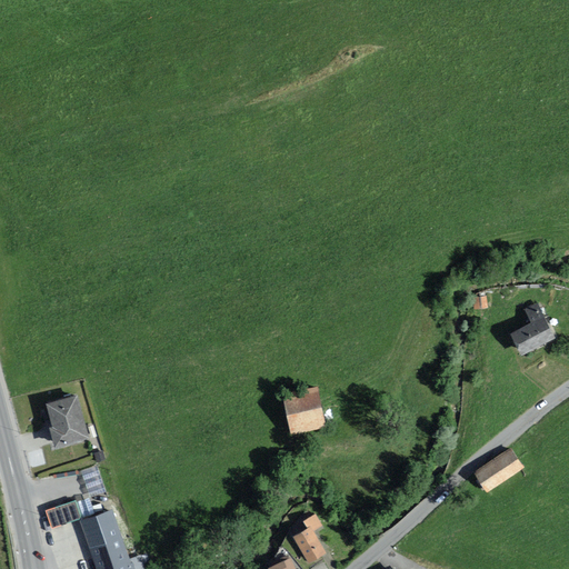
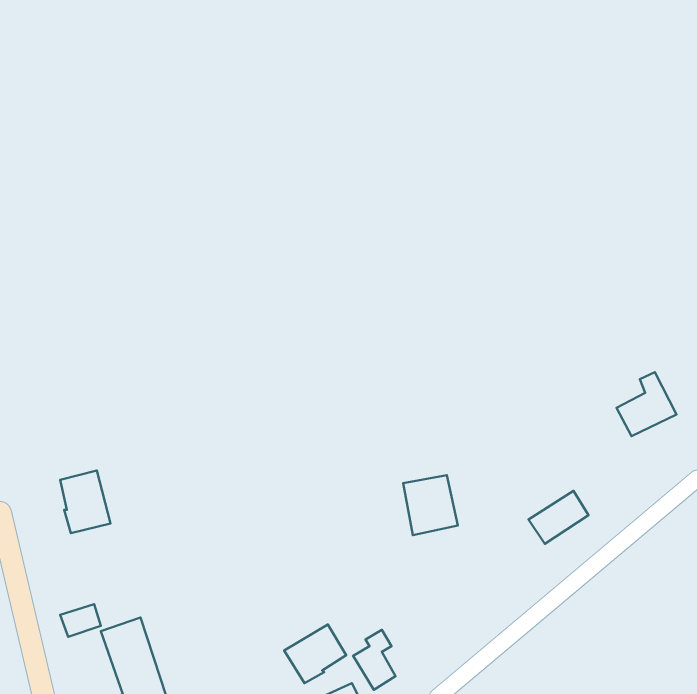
building: [281,391,326,440] -> [403,475,458,535]
building: [471,452,520,496] -> [529,491,589,544]
building: none -> [284,624,346,683]

